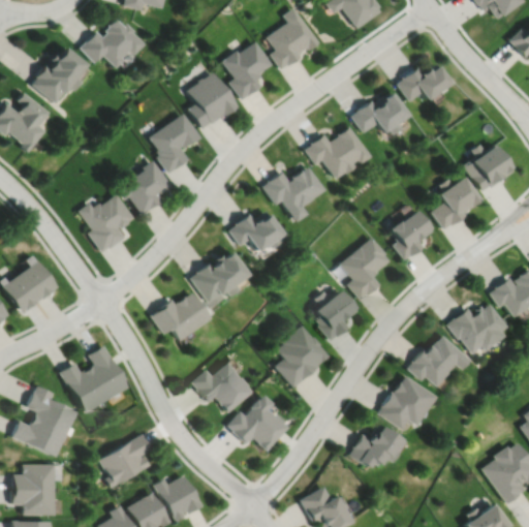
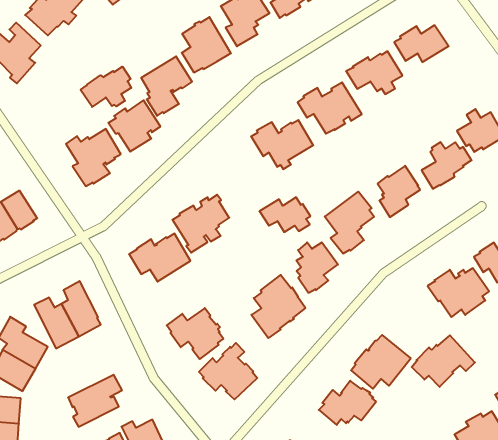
building: none -> [81,67,131,107]
building: [230,213,281,248] -> [259,197,310,232]
building: [408,334,470,385] -> [412,335,475,387]

